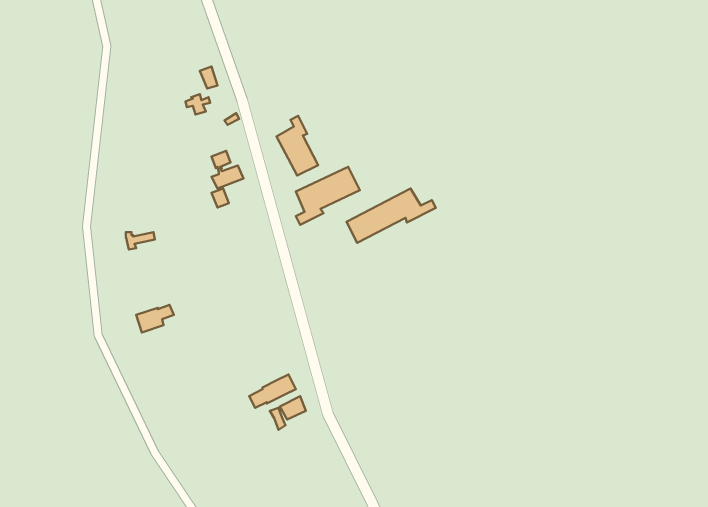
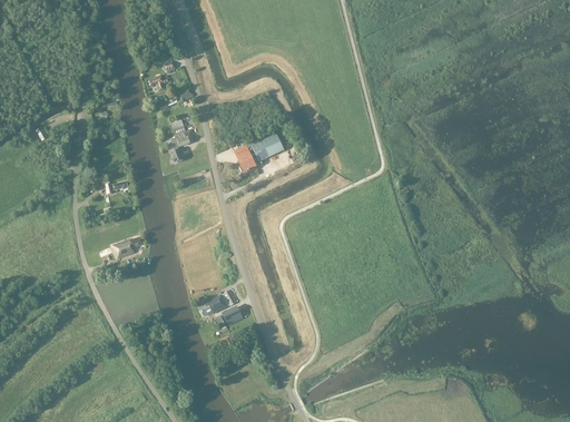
building: [276,116,318,176] -> none
building: [347,188,436,243] -> none

